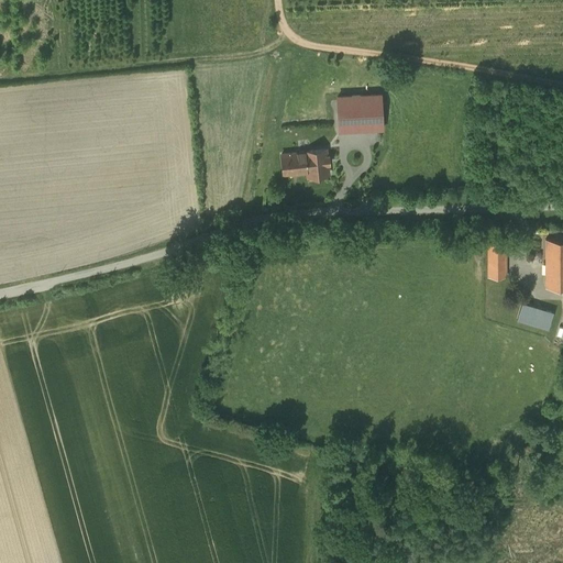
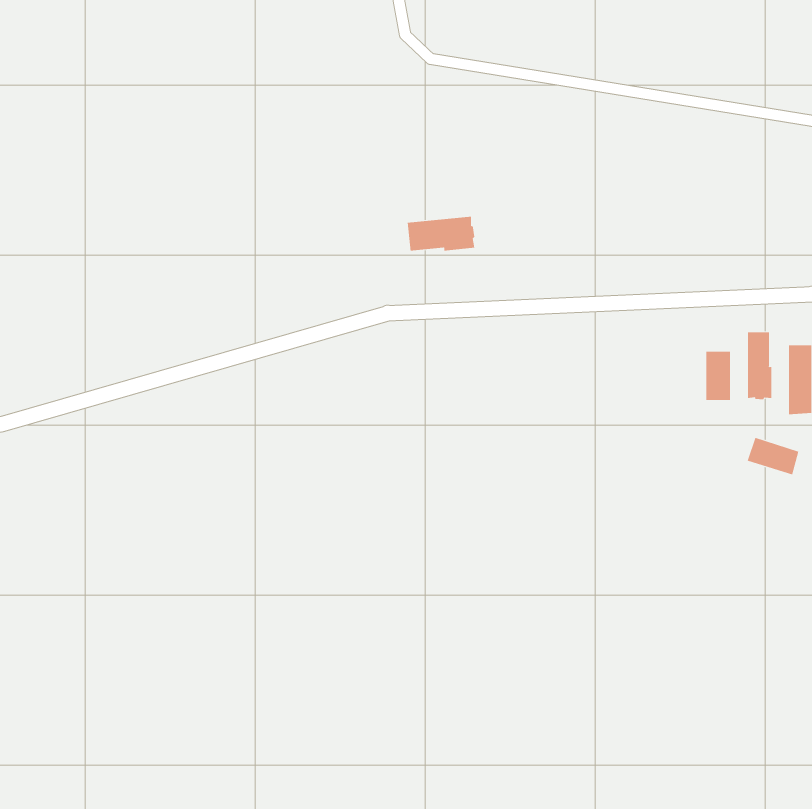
building: [336,97,383,132] -> none
building: none -> [748,332,772,400]

